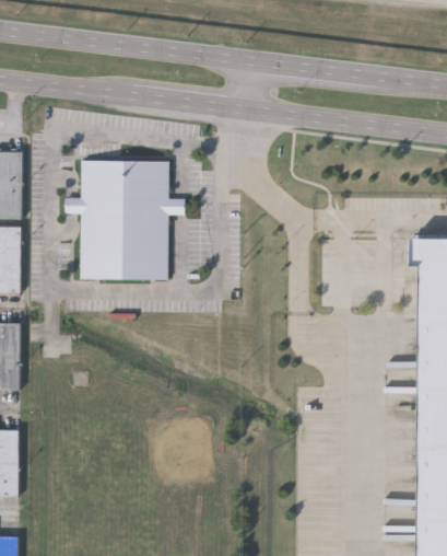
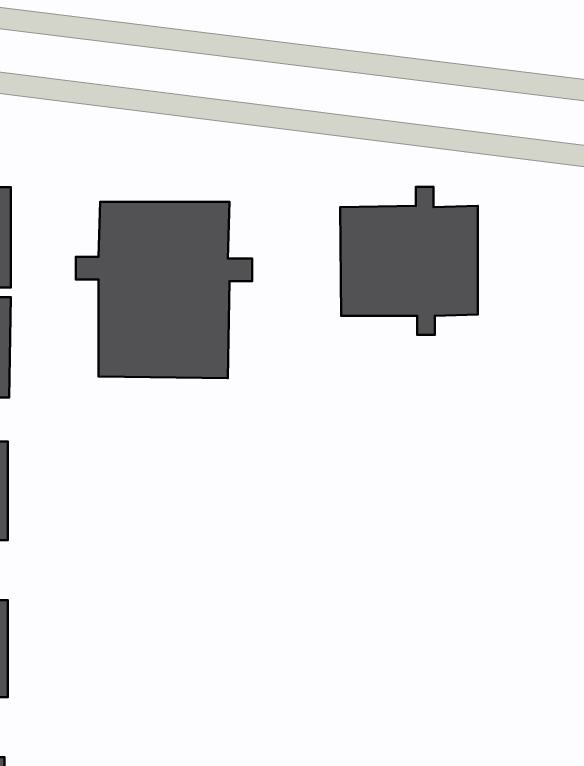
building: none -> [340,187,478,335]

